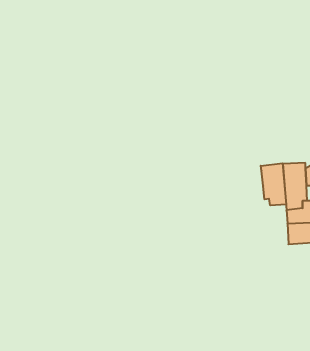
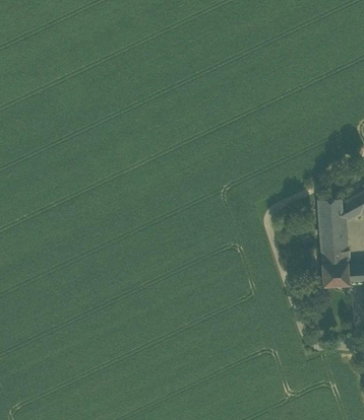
building: [261,163,286,205] -> none

